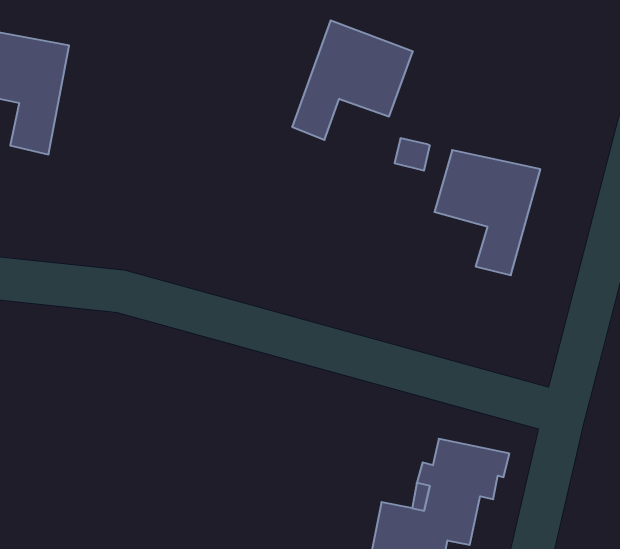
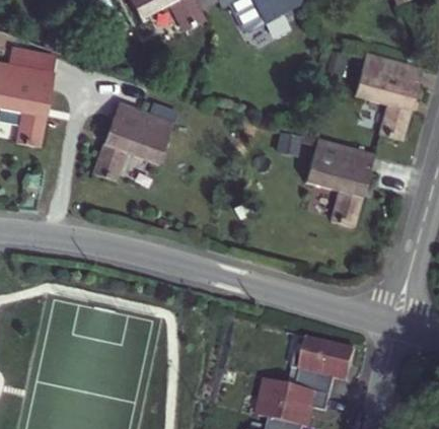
building: [292,21,413,140] -> [91,92,174,174]
building: none -> [356,55,424,139]

